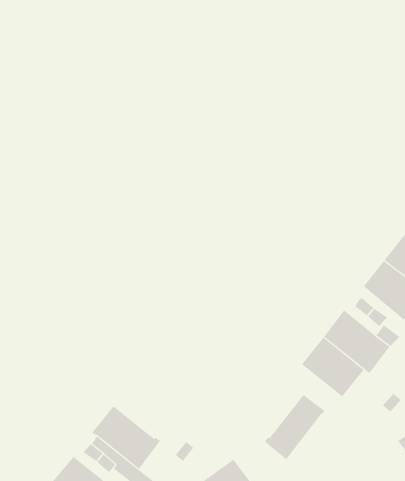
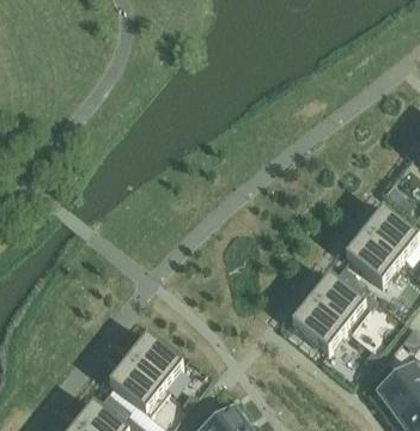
building: none -> [129,334,184,387]
building: [264,394,325,460] -> none

